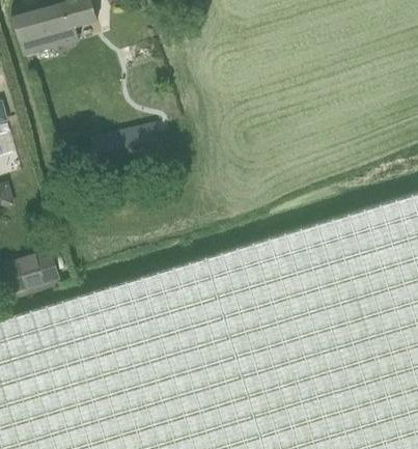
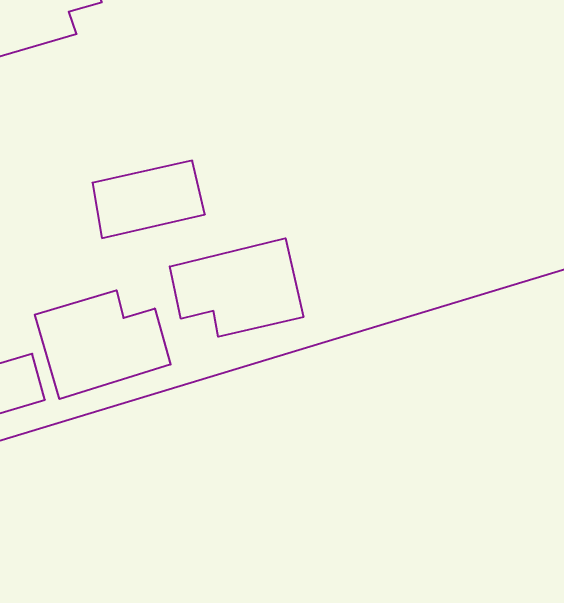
building: none -> [170,238,303,337]
building: none -> [35,290,171,399]

